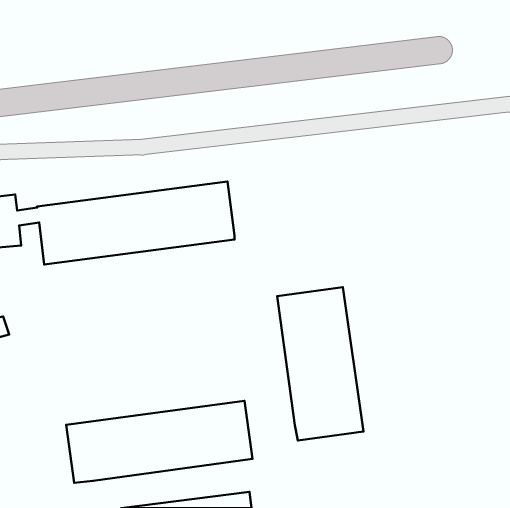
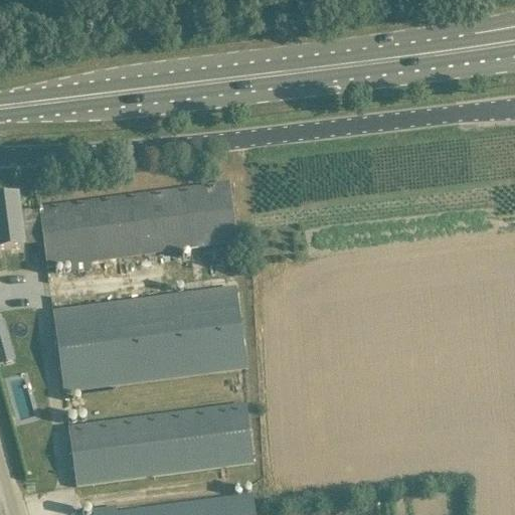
building: none -> [50,286,245,391]
building: [277,287,363,441] -> none

